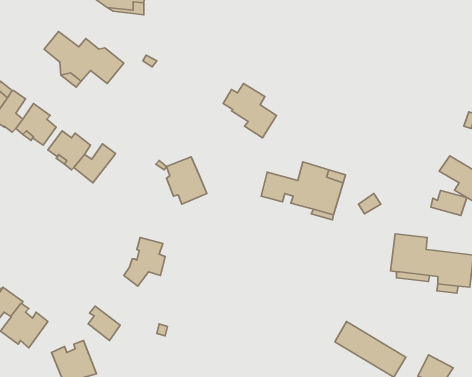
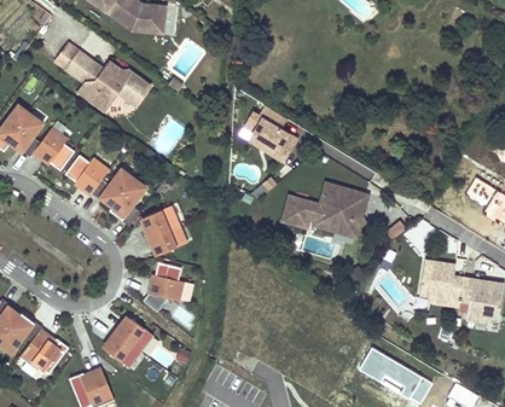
building: none -> [112,180,145,223]
building: [166,157,207,204] -> [146,205,187,254]
building: [431,191,467,216] -> none
building: none -> [115,318,153,351]

